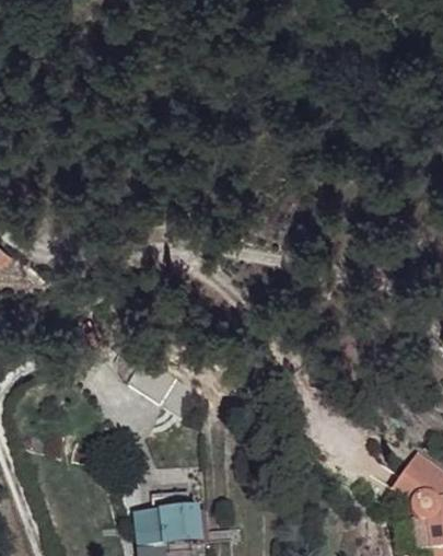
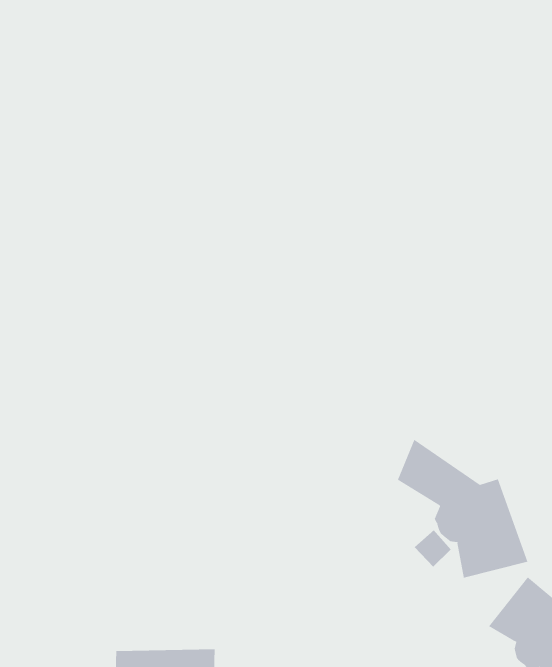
building: none -> [397,439,528,579]

